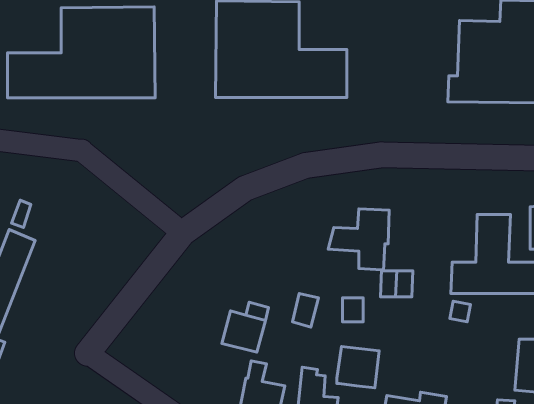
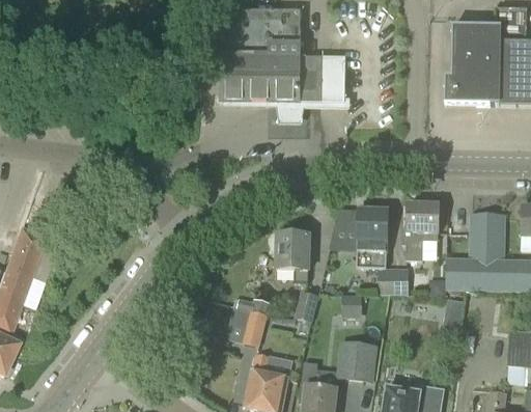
building: [7,7,155,98] -> none
building: none -> [401,204,439,259]
building: none -> [276,234,310,283]

